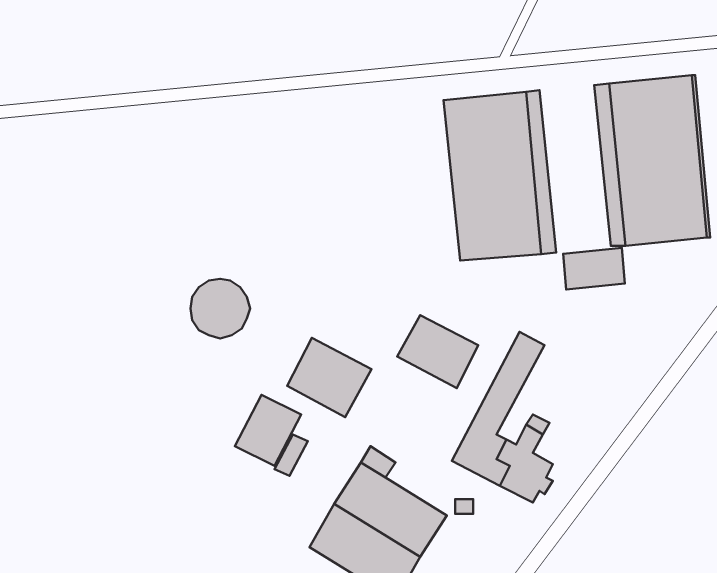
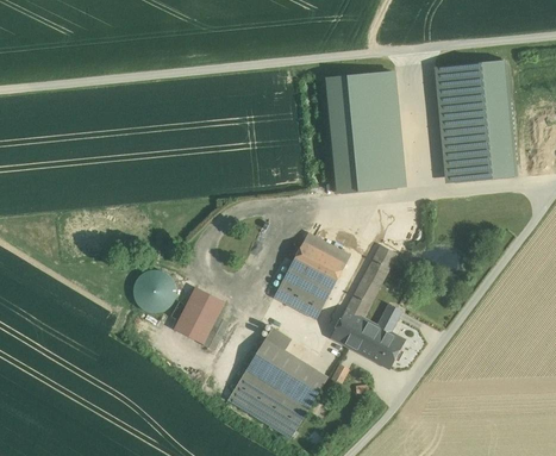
building: [563,248,625,290] -> none
building: [190,279,250,338] -> [133,269,176,312]
building: [287,338,371,417] -> [274,262,335,319]

